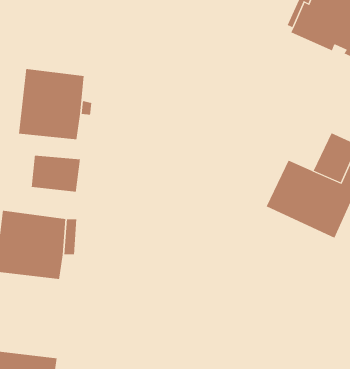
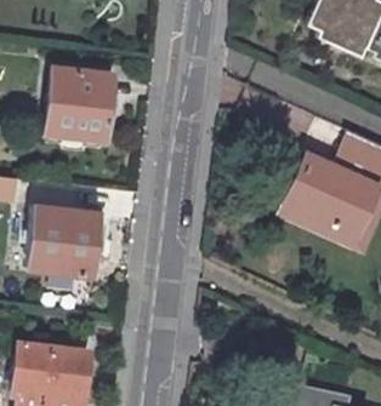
building: [31,155,81,193] -> none

